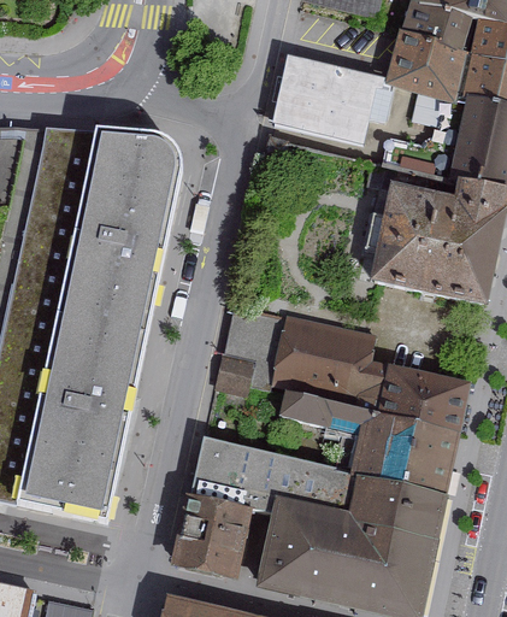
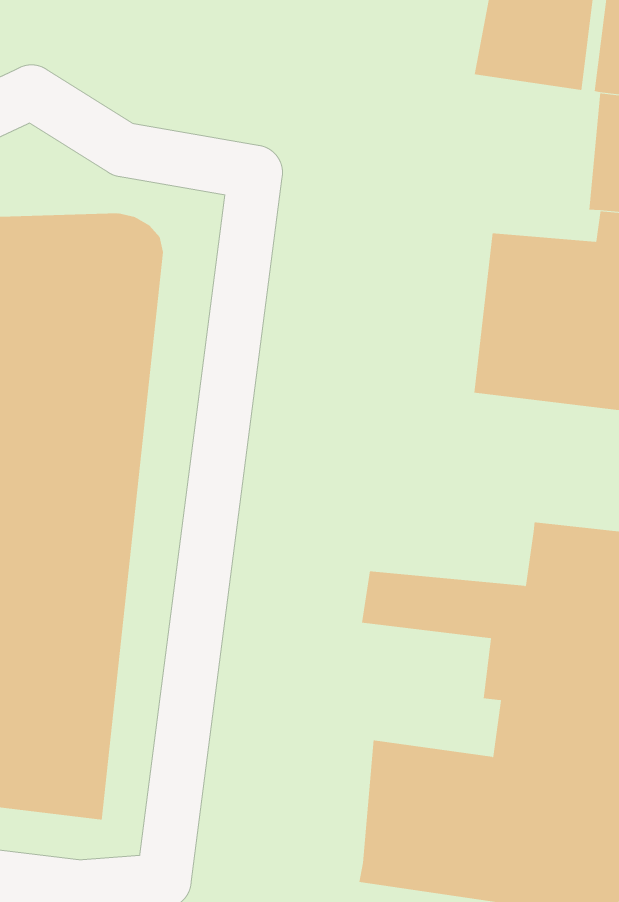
building: [271,51,378,135] -> none
building: [214,307,394,404] -> none
building: [196,439,362,510] -> none
building: [175,492,259,576] -> none

